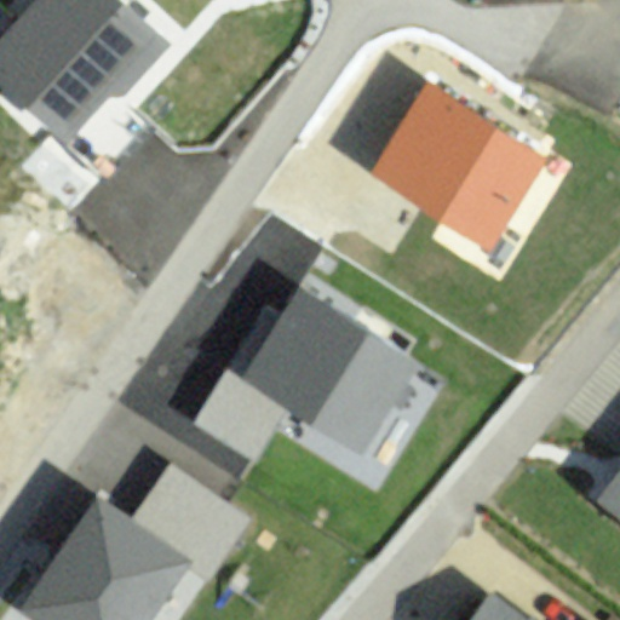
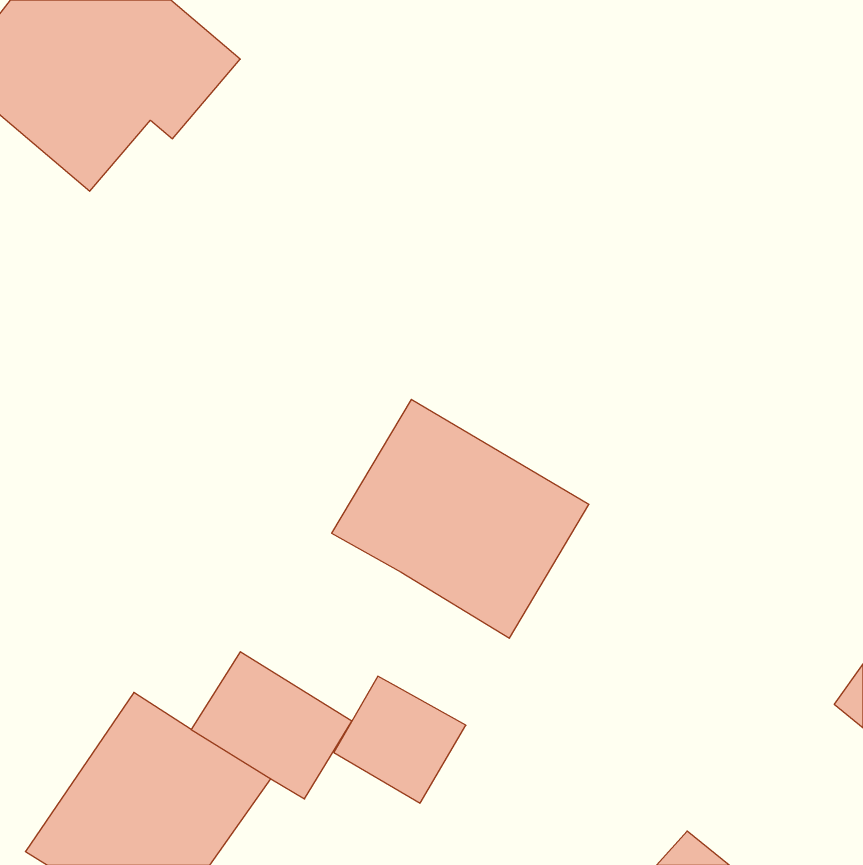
building: [366,82,547,252] -> none
building: [193,374,287,465] -> [334,676,466,803]

